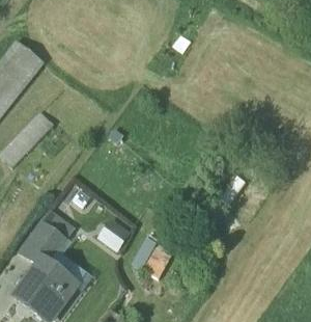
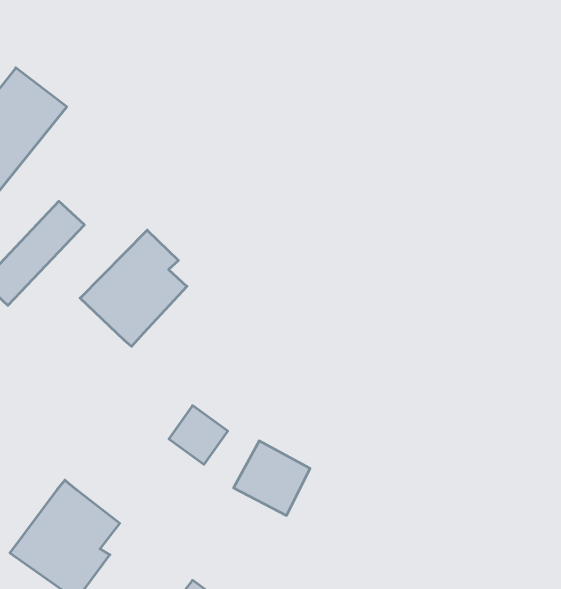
building: none -> [80,230,187,346]
building: [20,219,67,264] -> none

